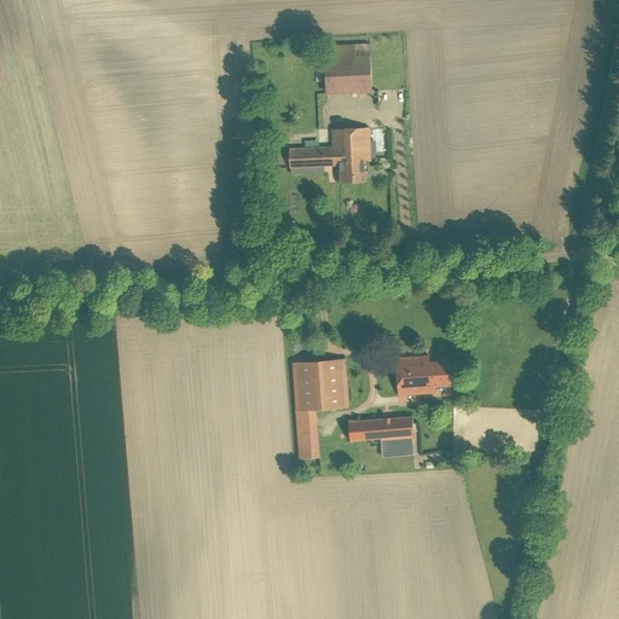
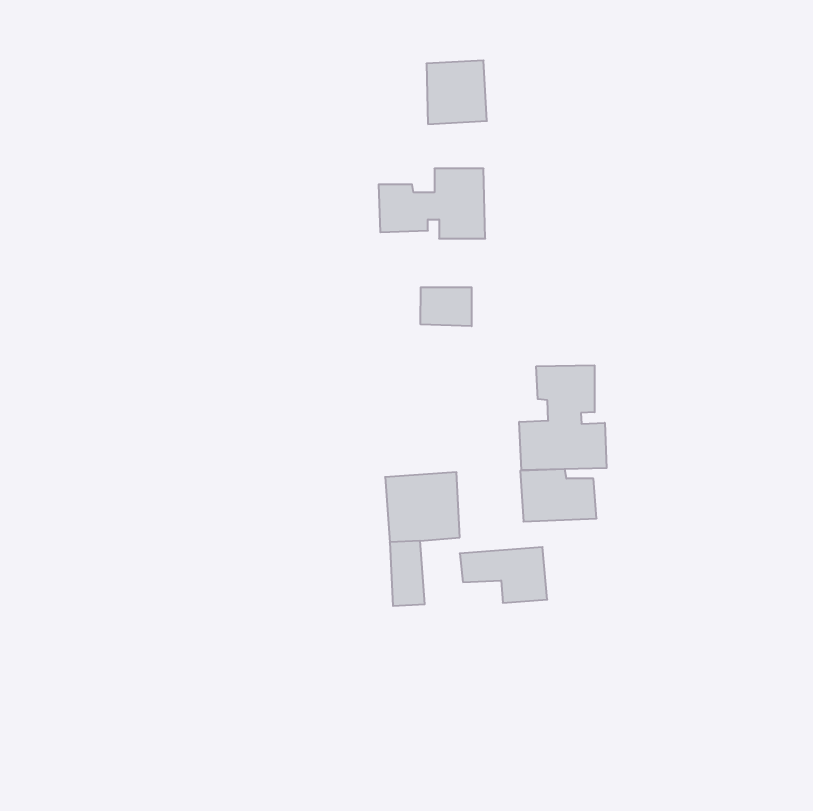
building: none -> [421,287,472,326]
building: none -> [519,365,607,470]

